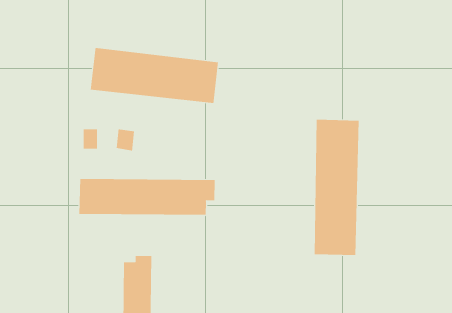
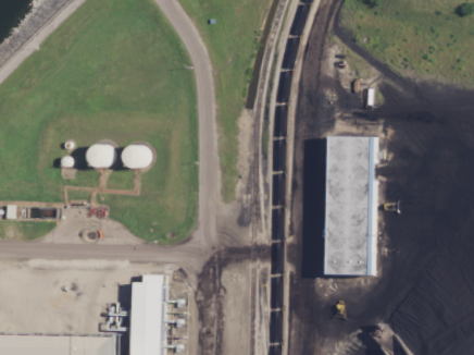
building: [90,47,218,104] -> none
building: [79,178,215,216] -> none

